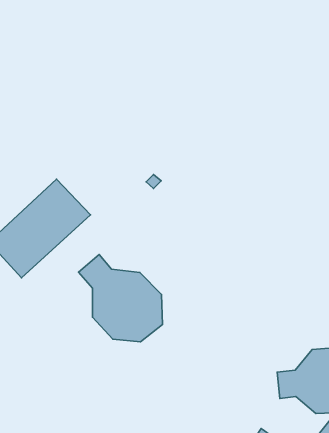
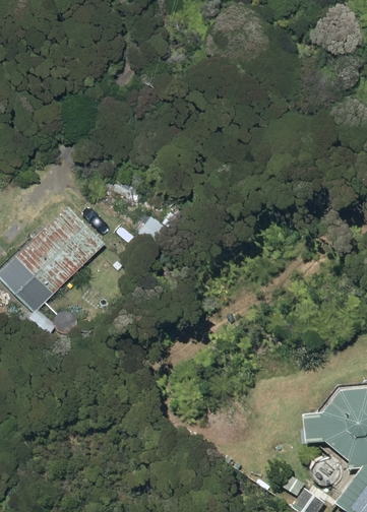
building: [79,255,162,342] -> none

